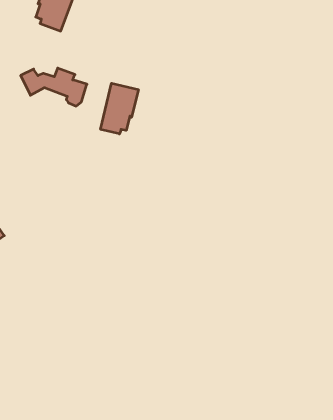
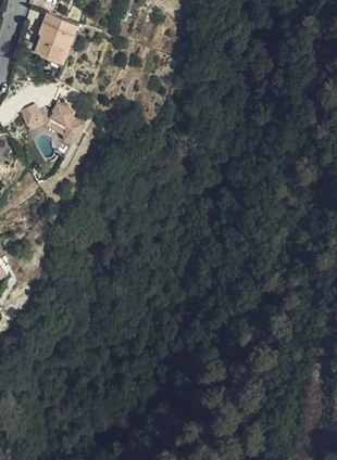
building: [101,83,138,134] -> none

